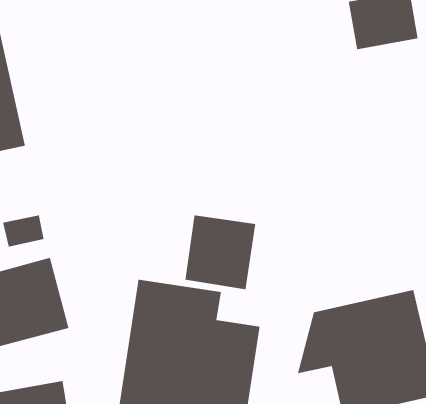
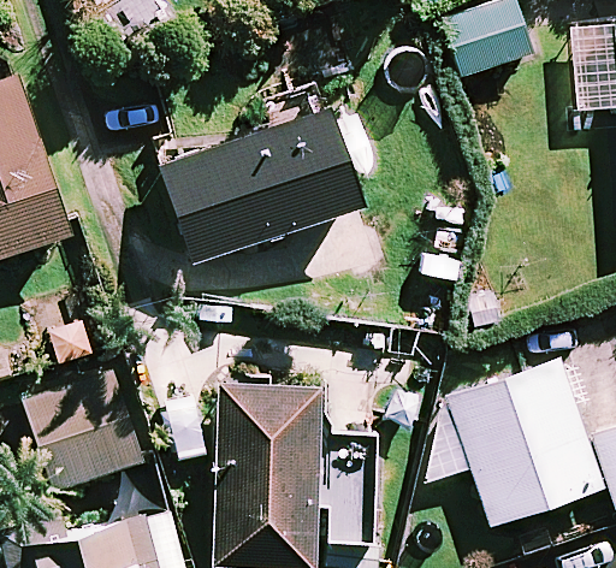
building: none -> [162,111,360,261]
building: [184,214,256,290] -> none

